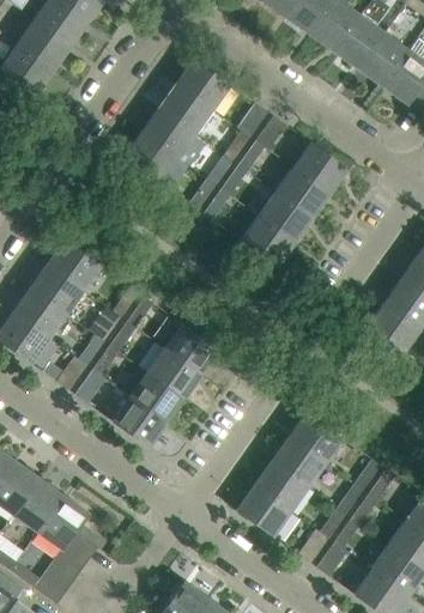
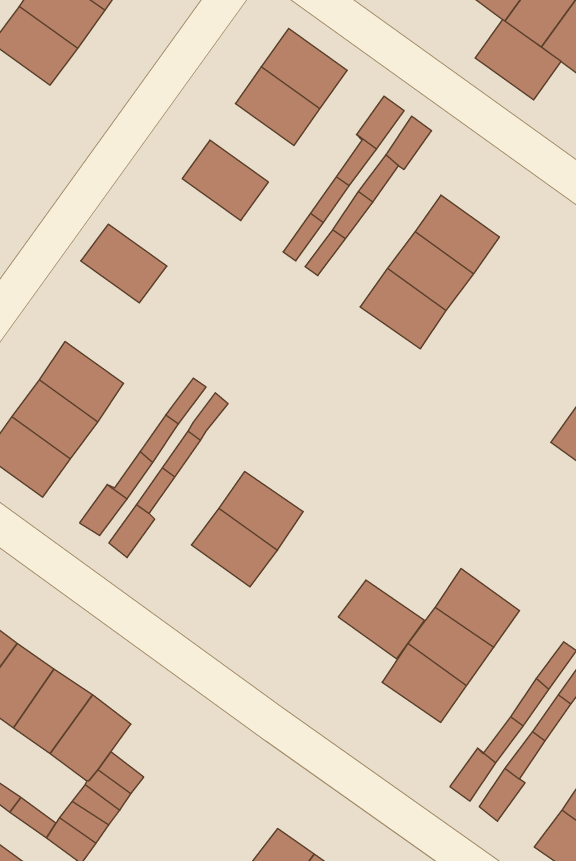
building: [141,107,196,158] -> none
building: [292,141,349,194] -> [475,19,561,100]
building: [47,238,103,290] -> [81,224,167,303]
building: [164,322,220,374] -> none
building: [111,395,168,448] -> none
building: [236,485,292,536] -> [338,580,424,659]

